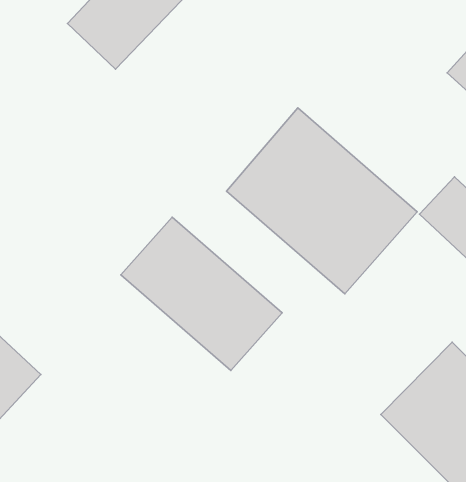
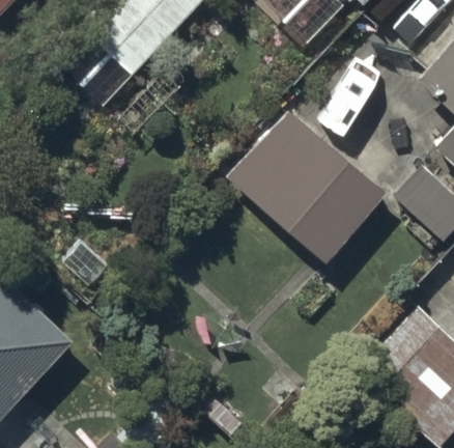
building: [121,217,282,371] -> none

